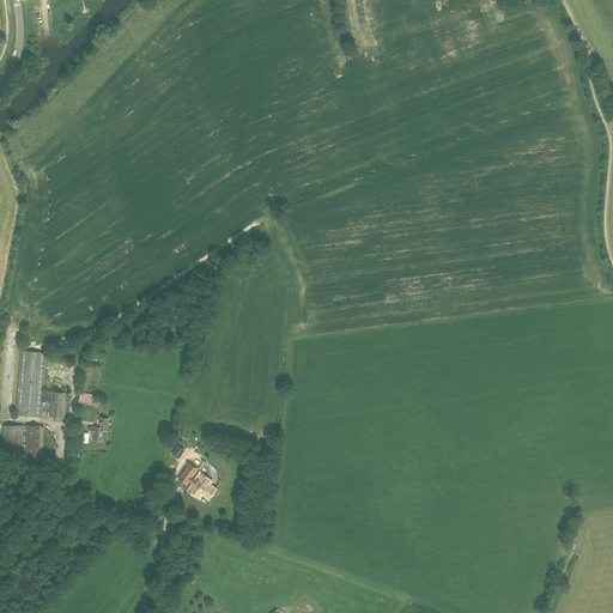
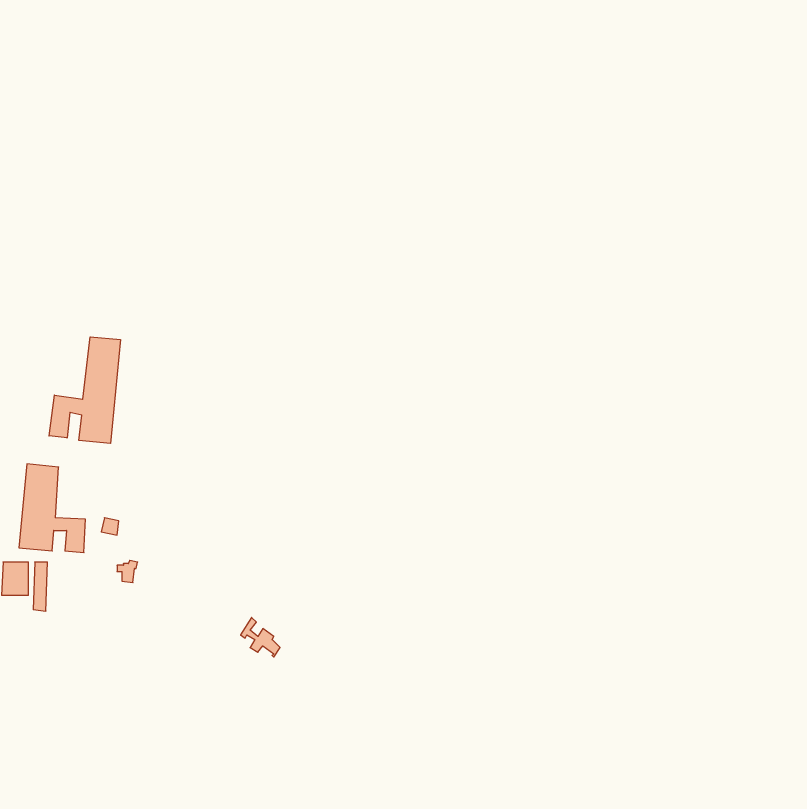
building: none -> [49,337,120,443]

